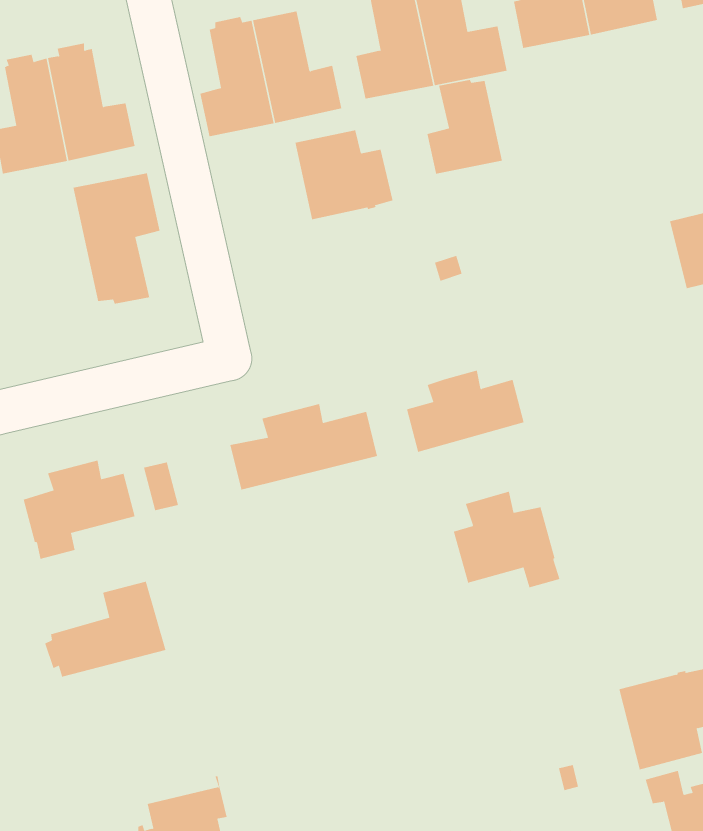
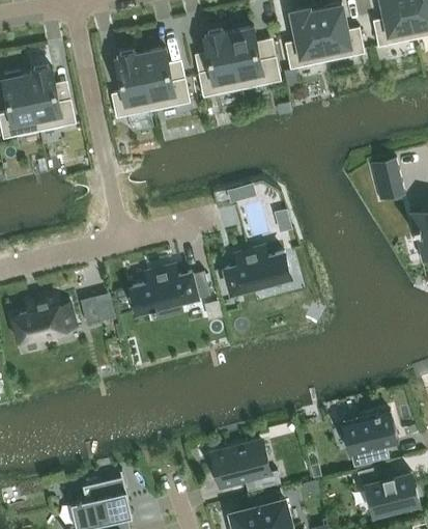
building: [427,79,502,175] -> none
building: [295,130,393,220] -> none
building: [73,173,160,304] -> none
building: [453,491,560,588] -> none
building: [45,581,166,678] -> none
building: none -> [212,442,281,489]

